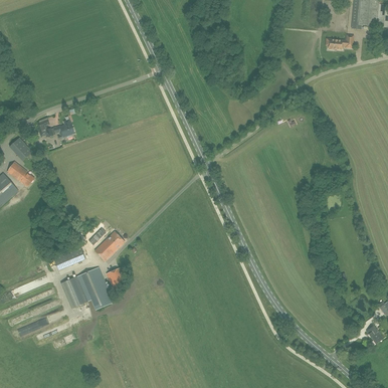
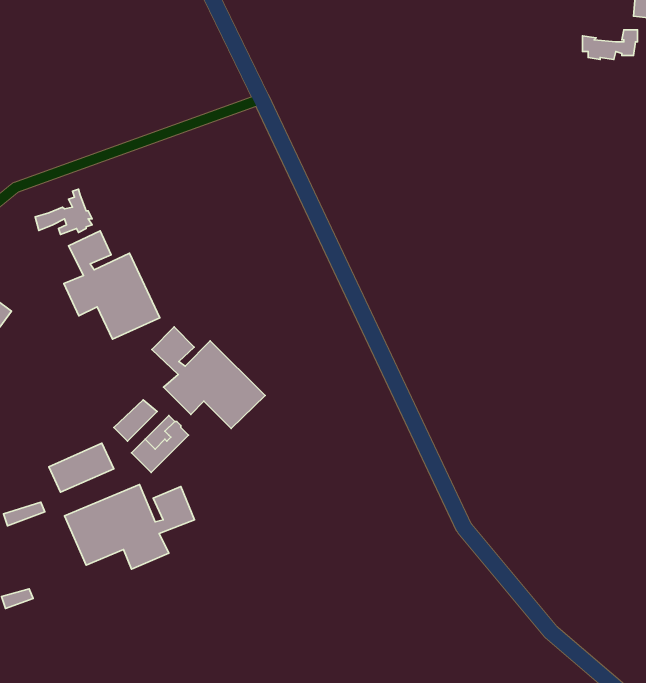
building: none -> [64,231,160,339]
building: none -> [152,327,265,428]

